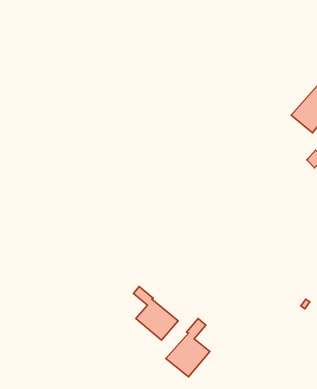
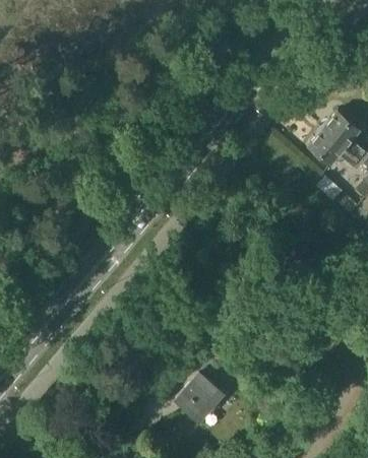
building: [134,287,178,340] -> none

